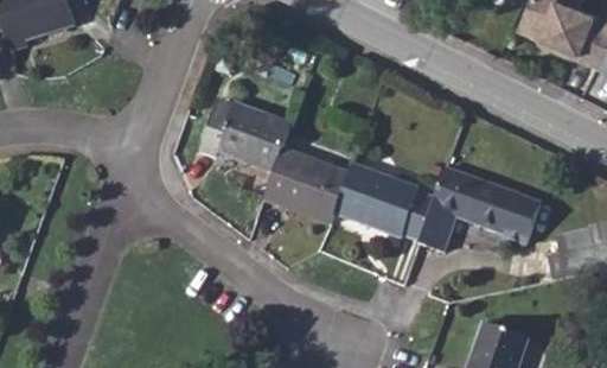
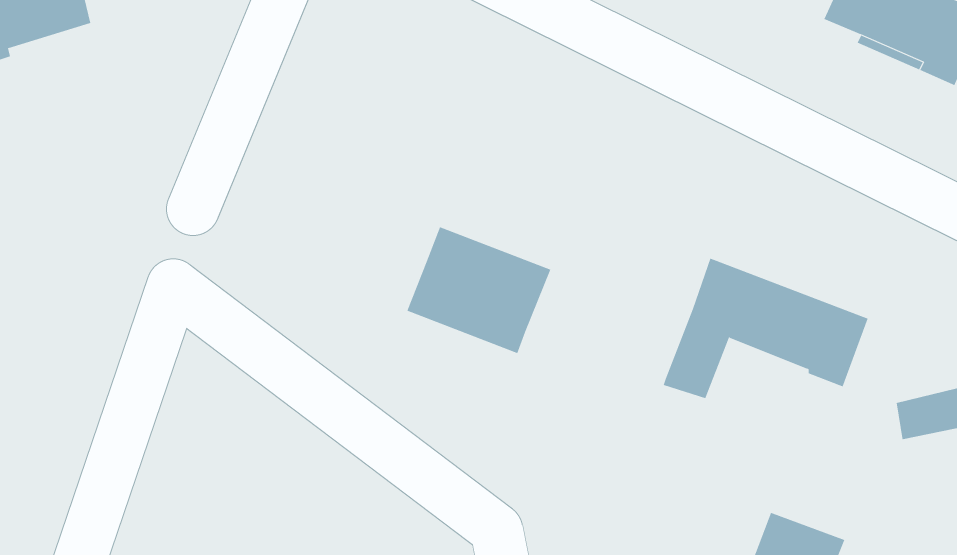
building: [199,104,292,170] -> none
building: [334,164,435,241] -> none

